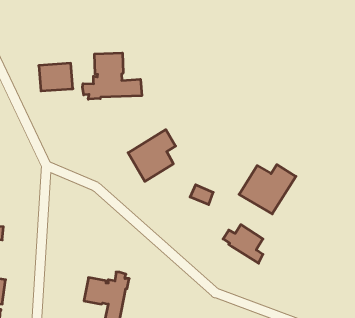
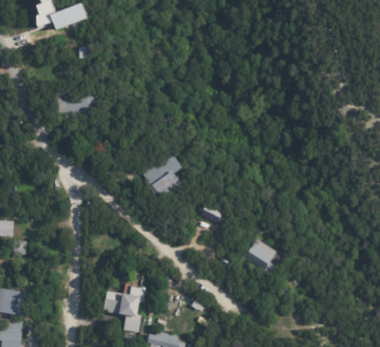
building: [82,53,142,99] -> none
building: [239,165,296,214] -> none

